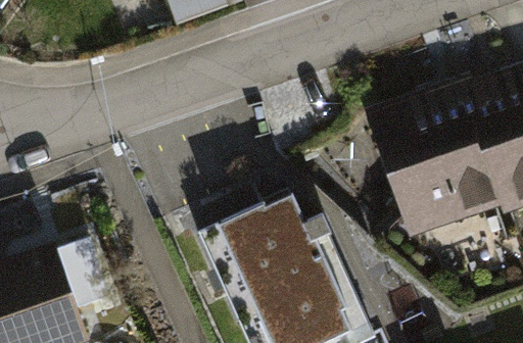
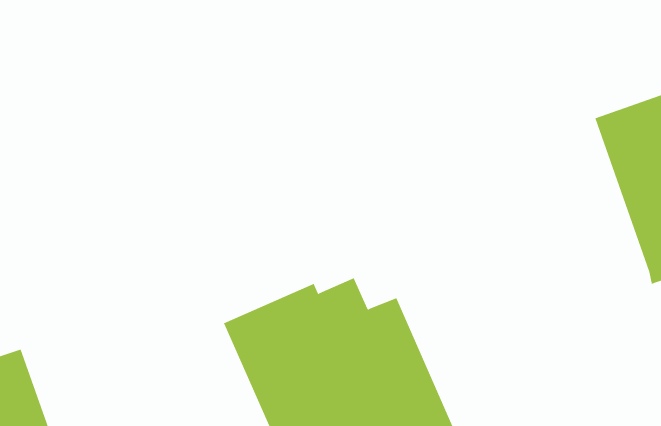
building: [382,85,506,217] -> none

